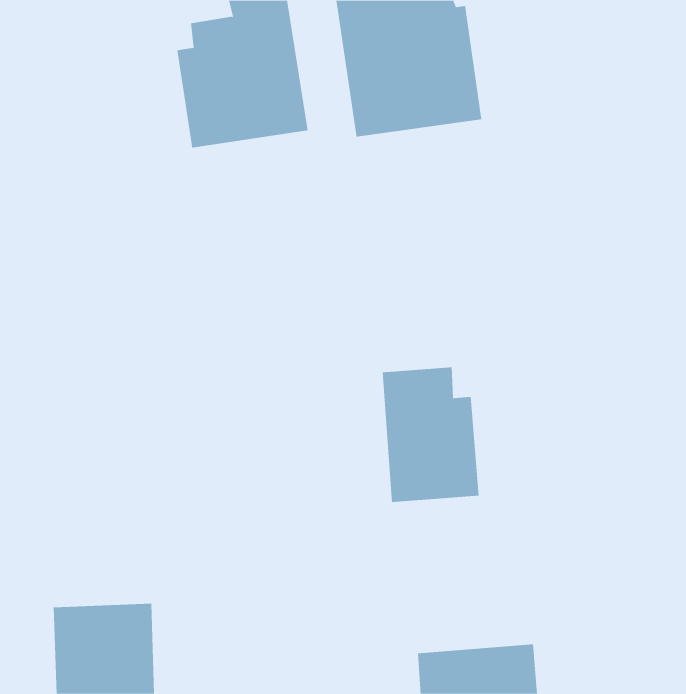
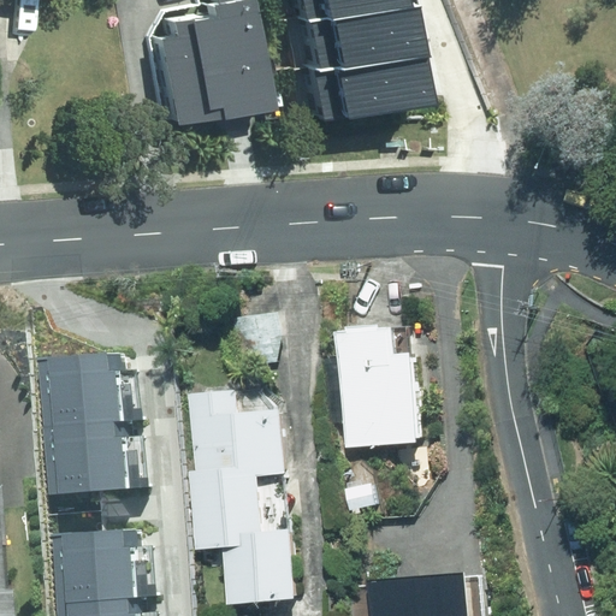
building: none -> [32,351,135,492]
building: none -> [188,389,300,603]

